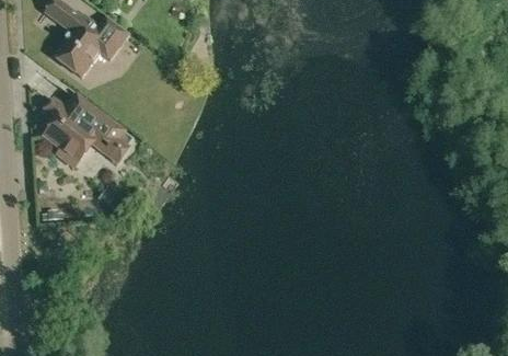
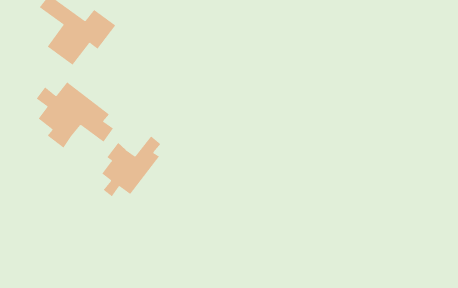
building: none -> [102,136,161,197]

